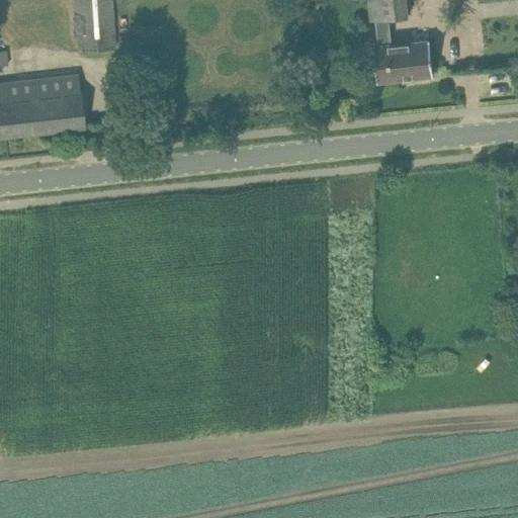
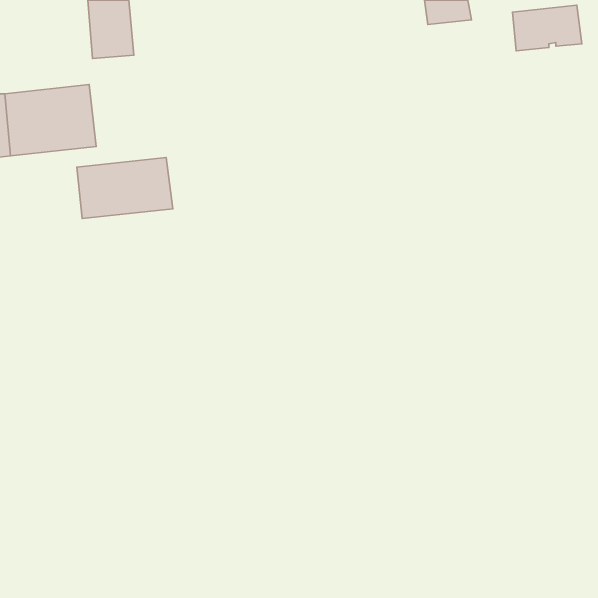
building: [373,41,433,81] -> [512,5,582,51]
building: none -> [77,158,173,219]

